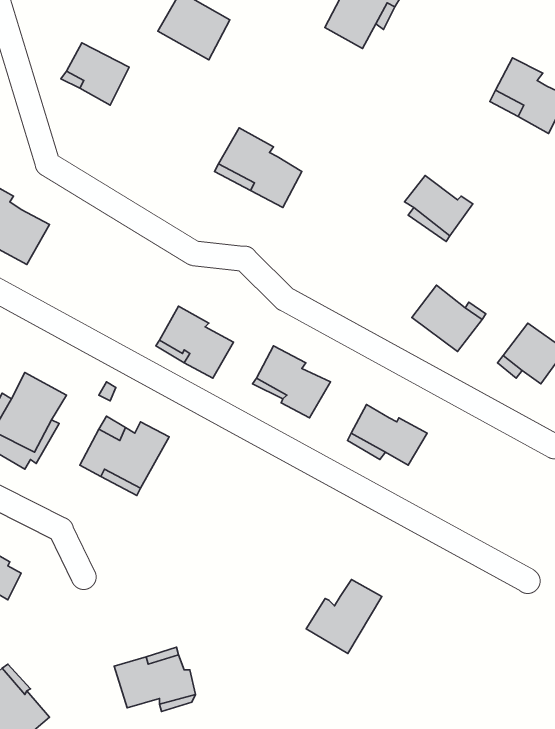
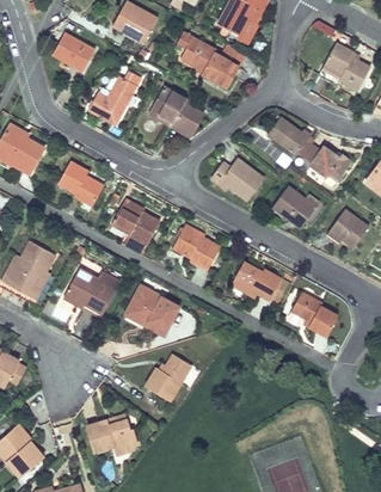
building: none -> [177,31,246,87]
building: none -> [88,69,141,124]
building: none -> [309,144,351,179]
building: none -> [210,158,264,199]
building: none -> [57,160,104,204]
building: none -> [127,285,179,333]
building: none -> [287,291,338,336]
building: [306,579,382,653] -> [143,353,191,400]

